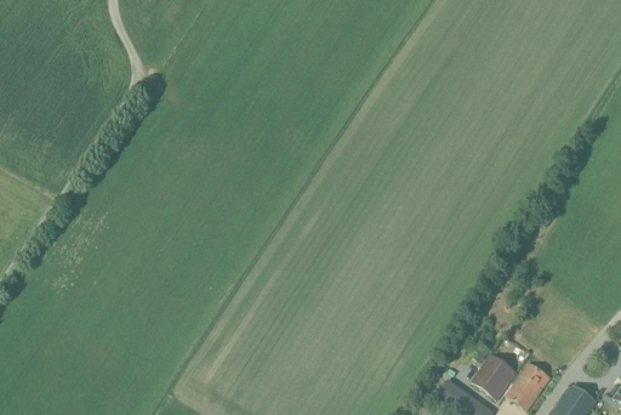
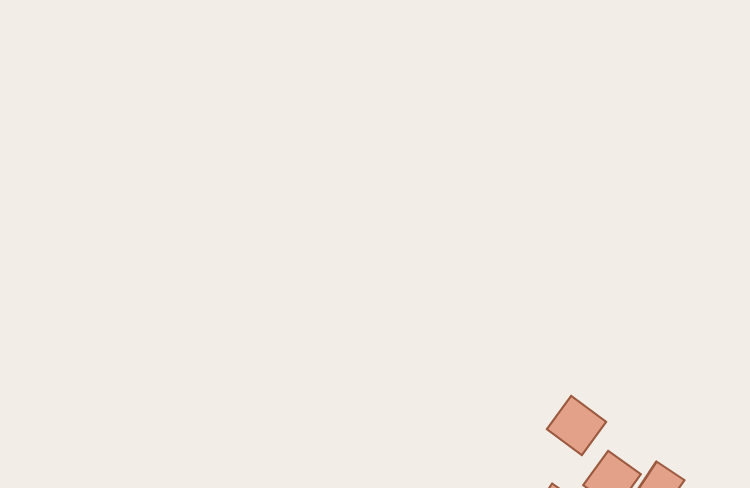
building: none -> [547,396,606,455]

